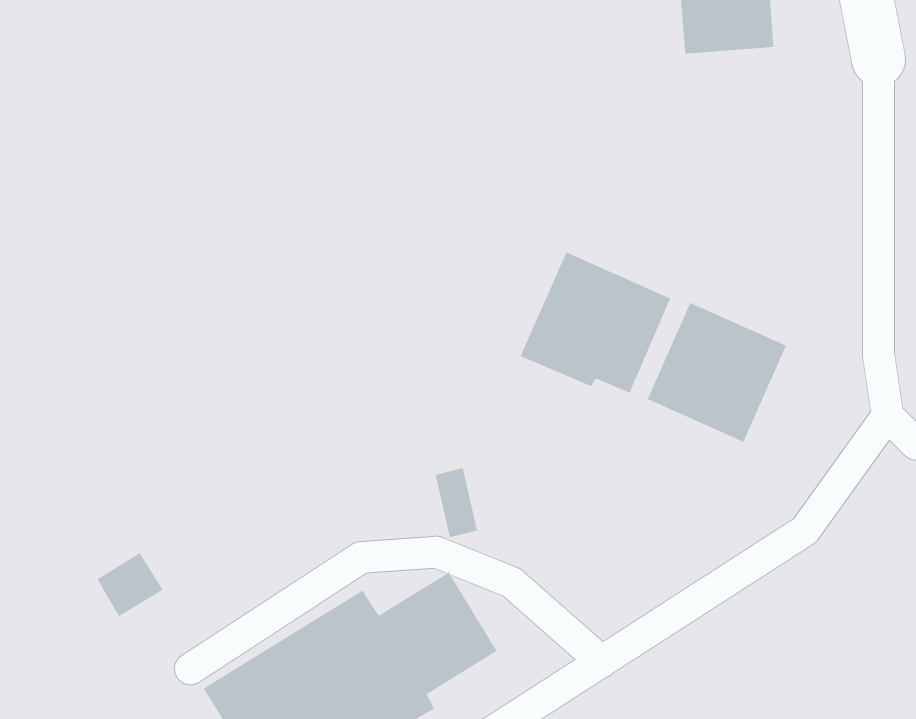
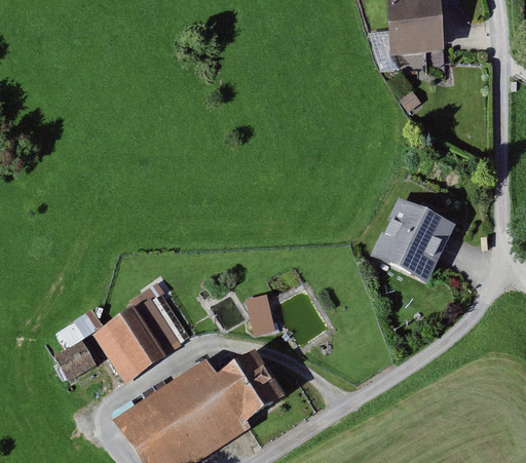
building: [520,252,671,393] -> none
building: none -> [92,295,183,381]

